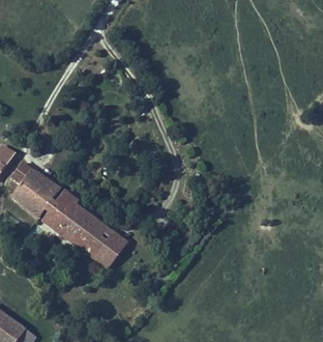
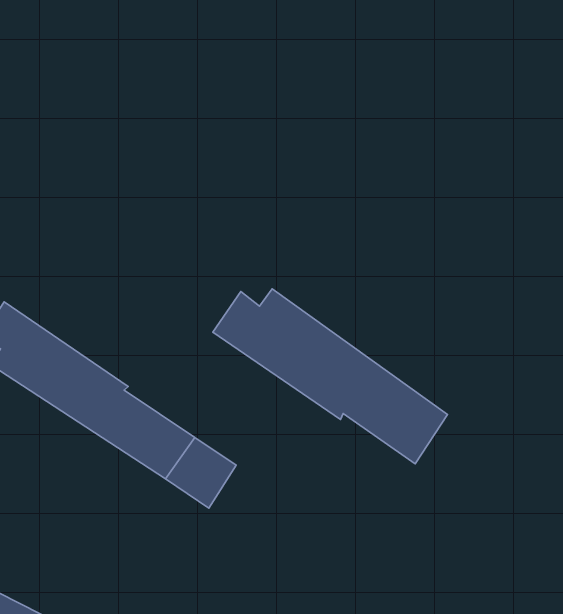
building: none -> [213,289,447,464]

